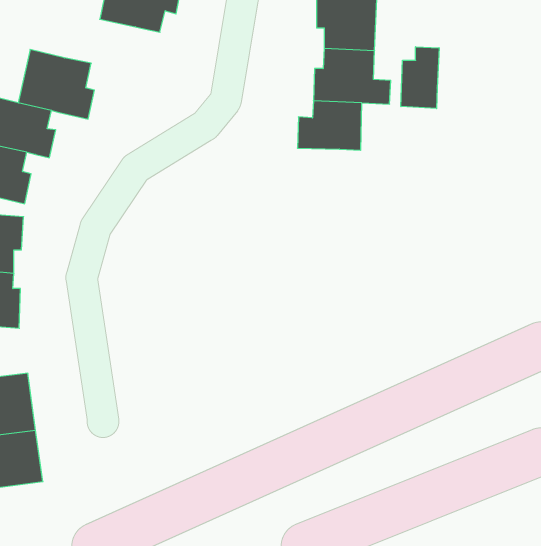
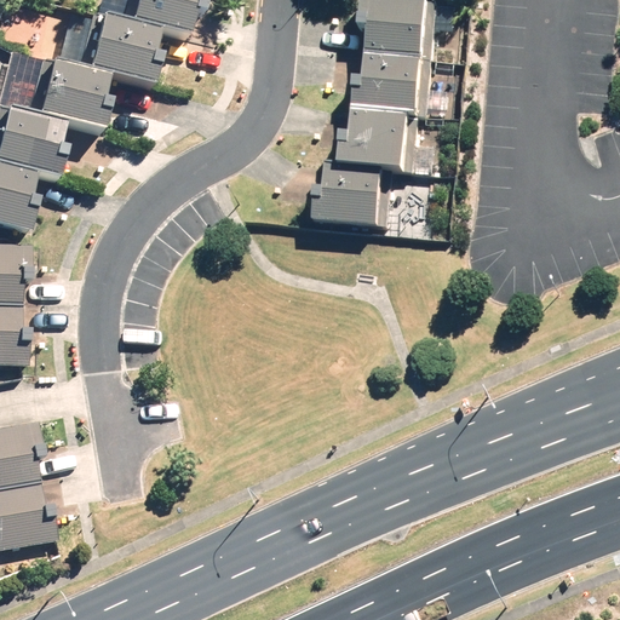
building: none -> [73,15,157,82]
building: [401,47,439,109] -> none
building: none -> [310,166,402,228]

